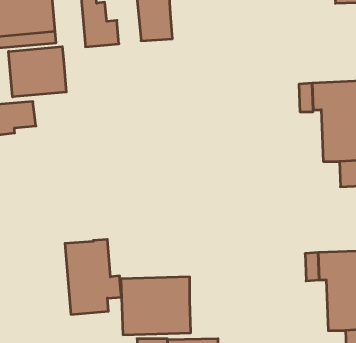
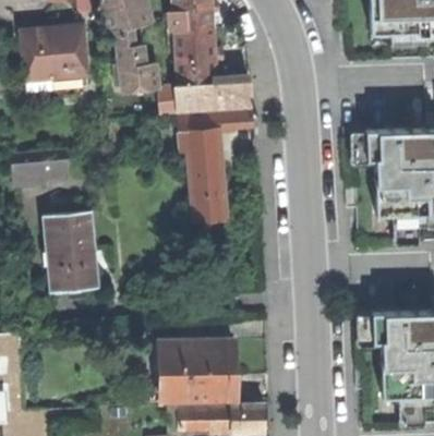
building: none -> [173,81,251,111]
building: [9,47,66,97] -> none
building: none -> [179,111,254,220]
building: [65,239,122,314] -> [44,213,105,293]

